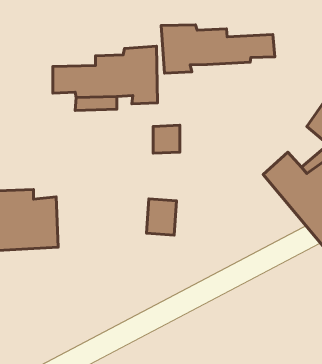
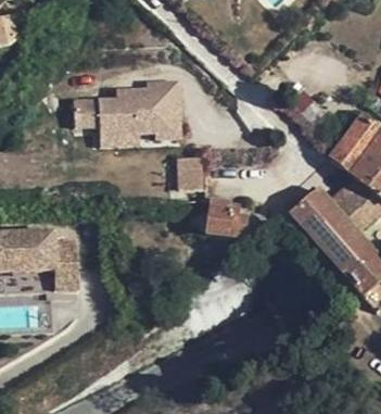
building: [161,25,275,73] -> none
building: [147,199,176,235] -> [214,204,244,241]

